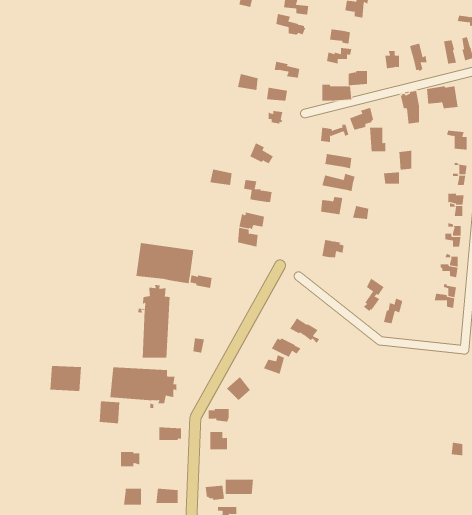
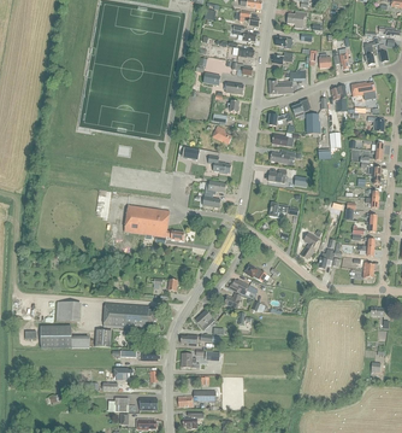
building: [138,284,170,359] -> none
building: none -> [40,324,88,349]

